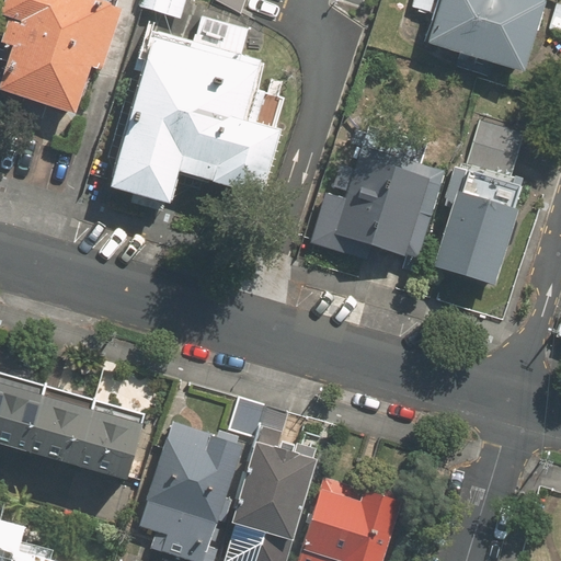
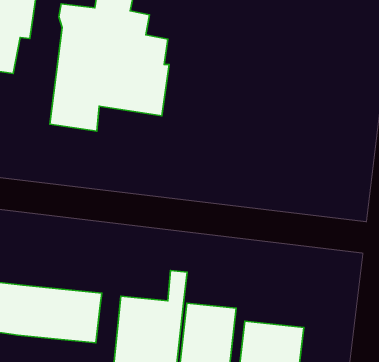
building: [430,113,530,296] -> none
building: [328,127,445,260] -> none

